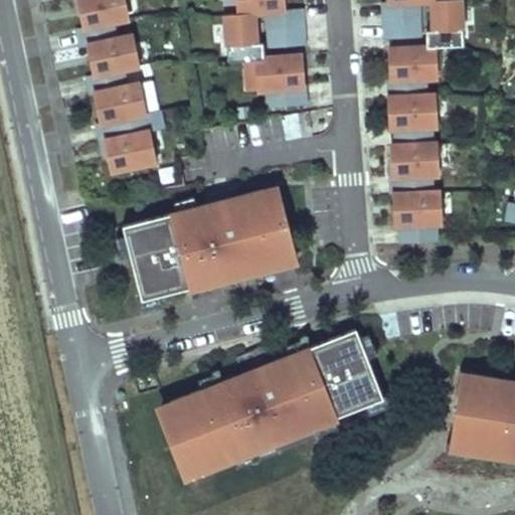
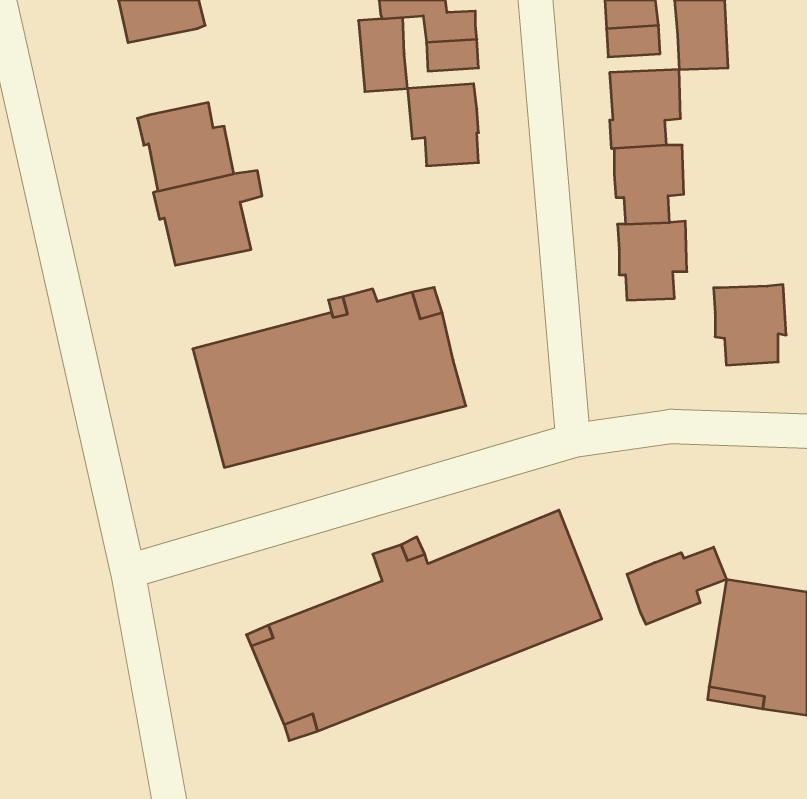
building: [77,23,142,78] -> none
building: [395,194,442,245] -> [714,285,786,365]
building: none -> [627,547,726,624]

